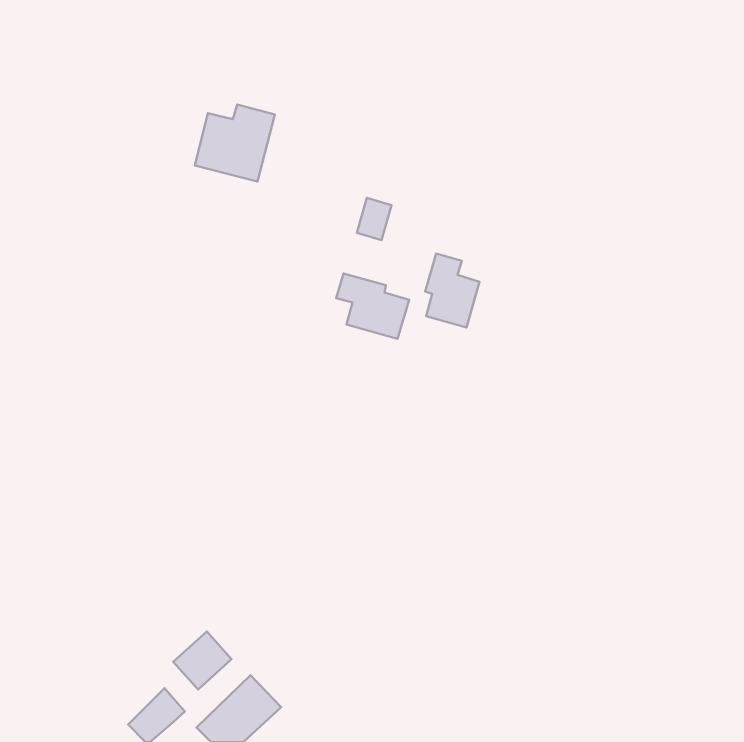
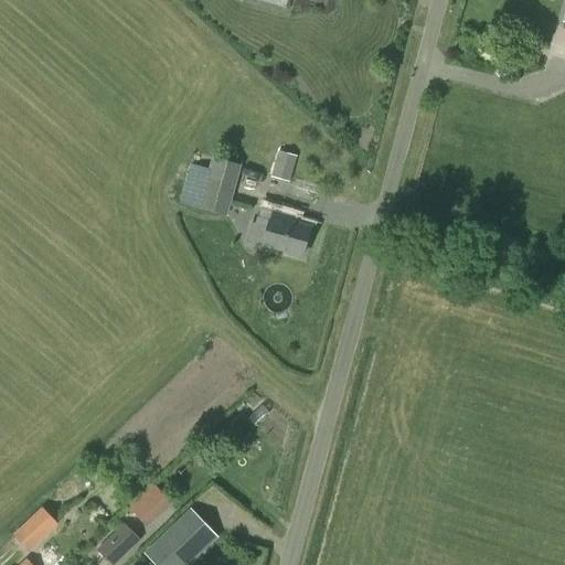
building: [195,104,275,182] -> [180,157,241,215]
building: [425,254,480,327] -> none
building: none -> [13,507,58,552]

